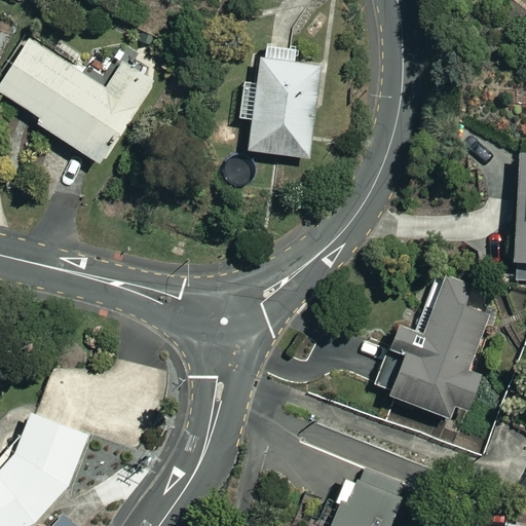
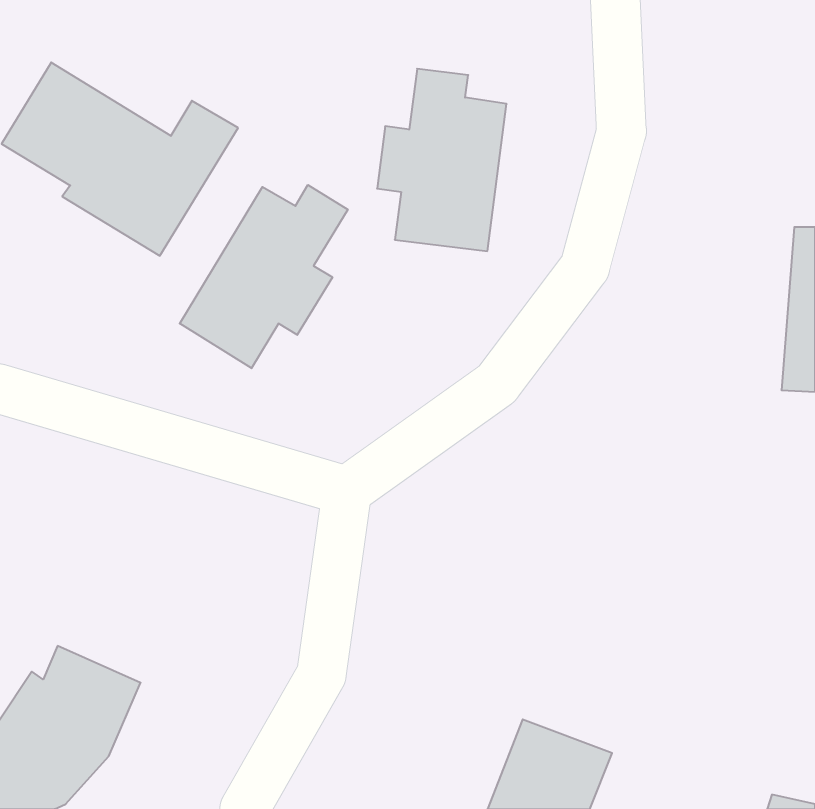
building: none -> [180,185,348,368]
building: [373,268,488,409] -> none

